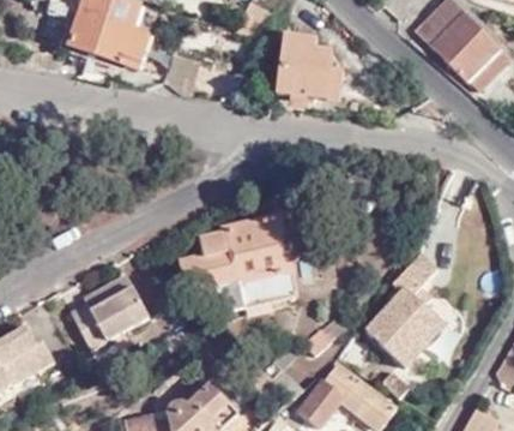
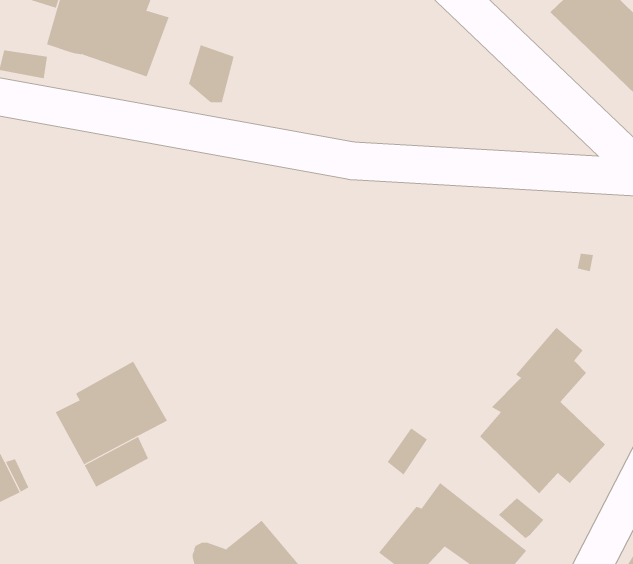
building: [270,38,338,109] -> none
building: [180,215,295,306] -> none

